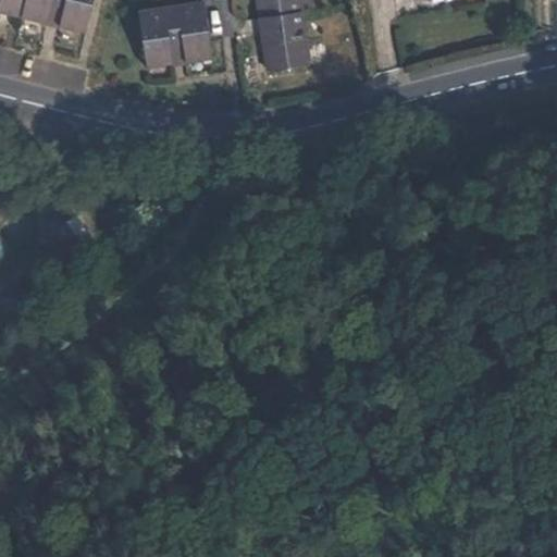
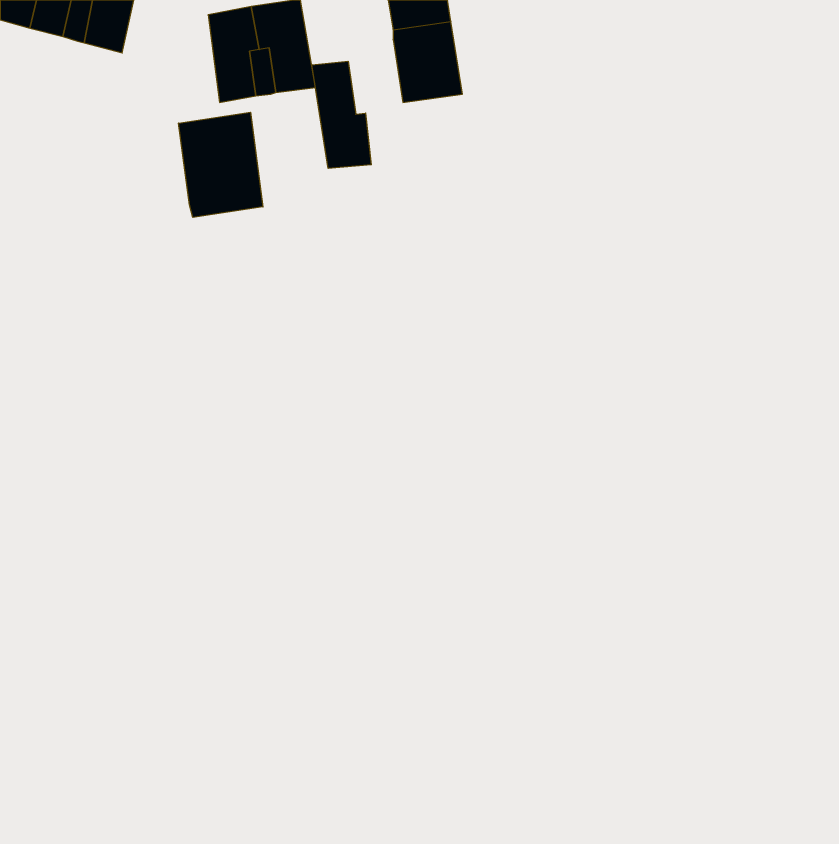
building: none -> [312,61,371,168]
building: none -> [179,112,263,217]

